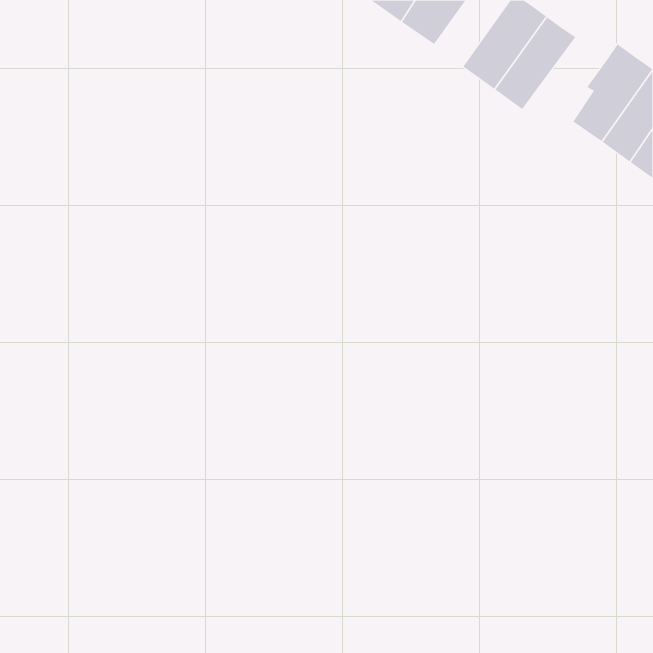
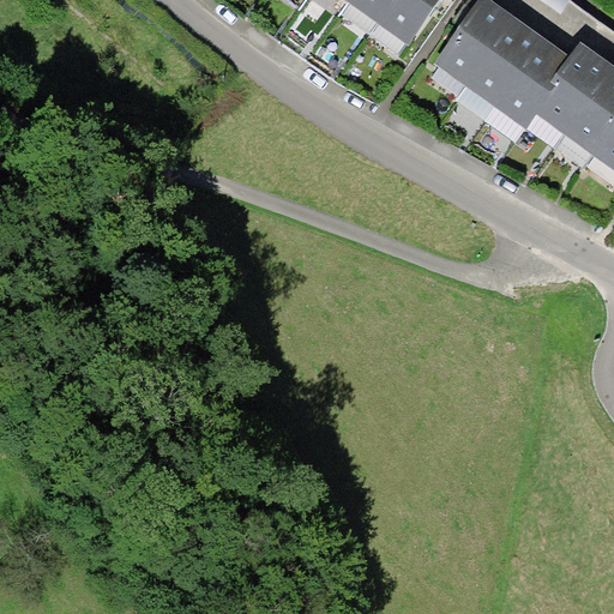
building: none -> [490,35,570,128]

